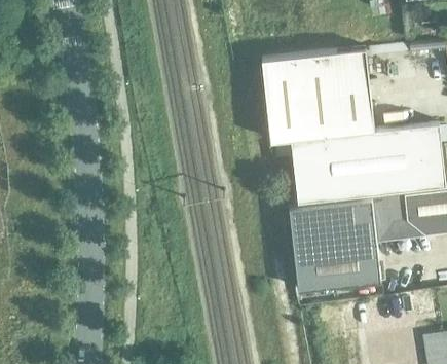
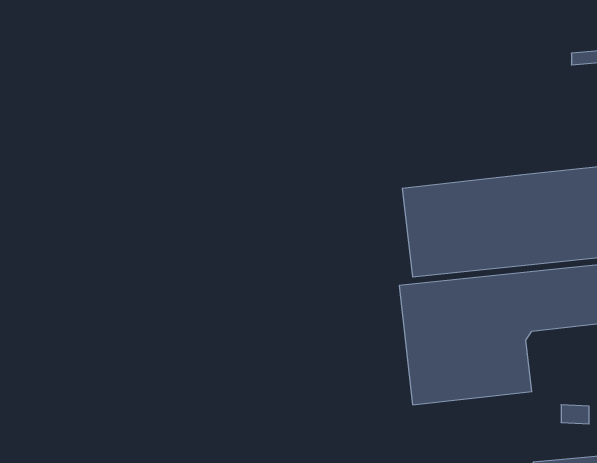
building: [261,49,374,143] -> none

